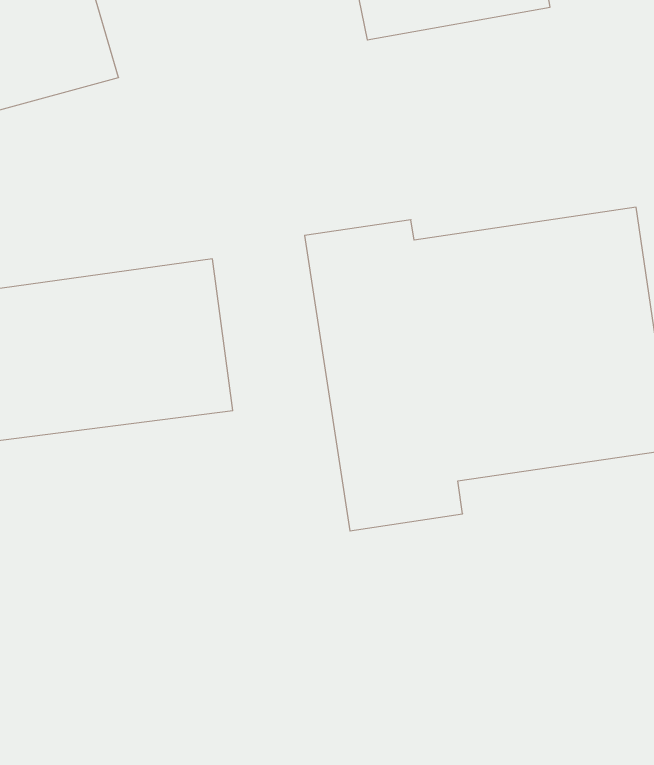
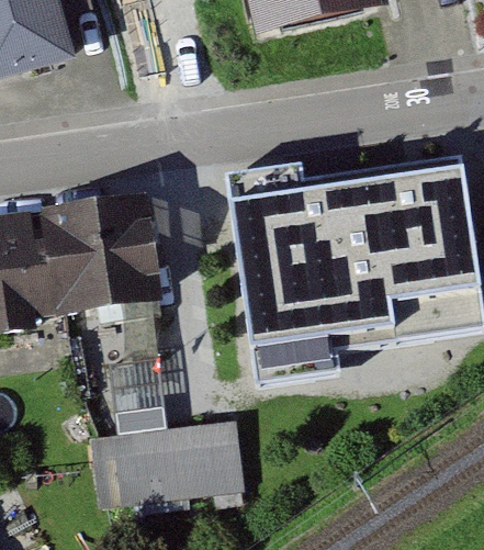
building: none -> [103,418,252,502]

